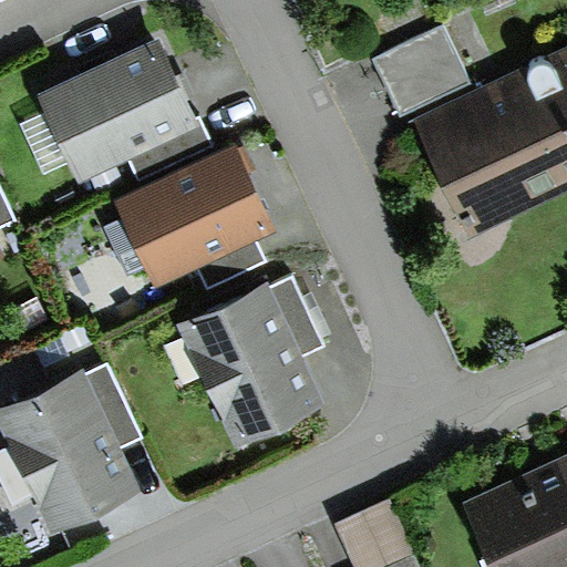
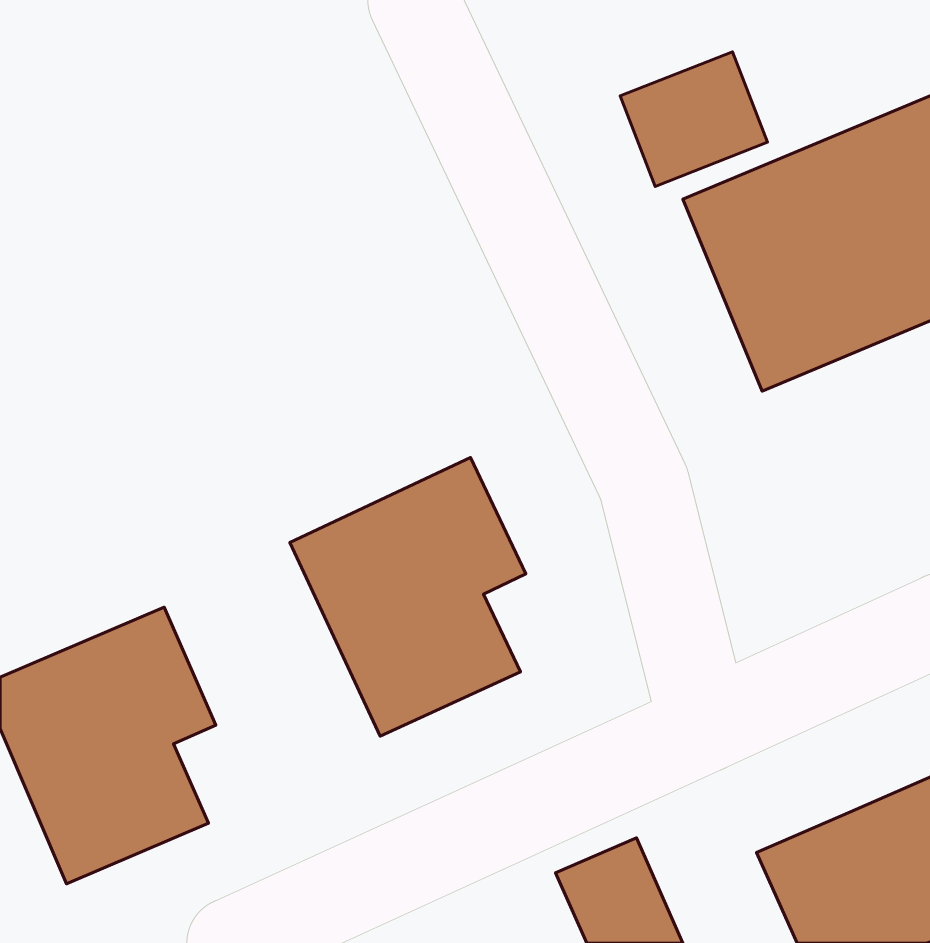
building: [39,40,195,178] -> none
building: [115,146,269,280] -> none

